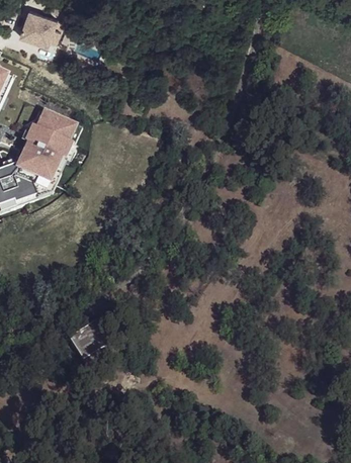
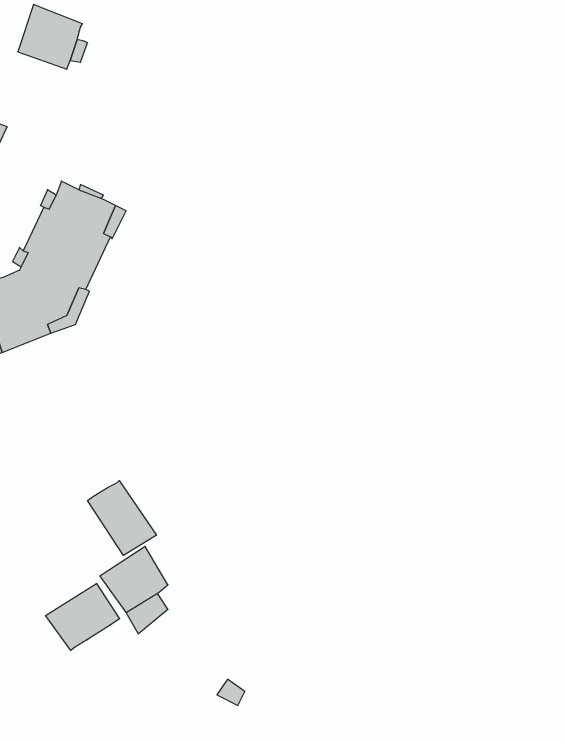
building: none -> [88,481,156,555]
building: none -> [46,583,120,650]

